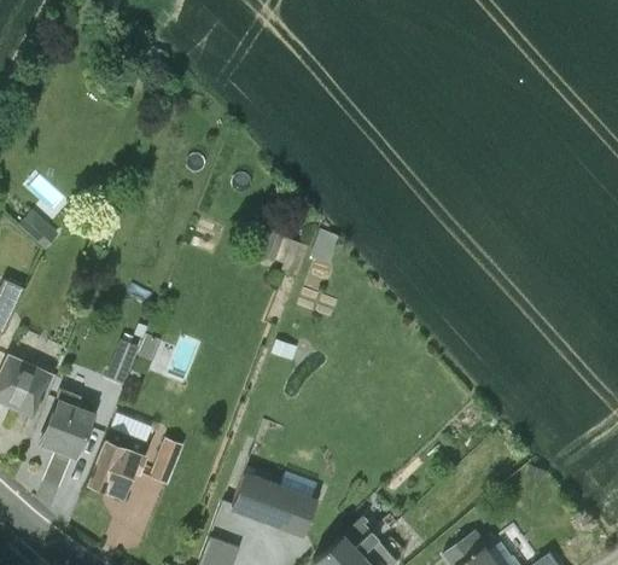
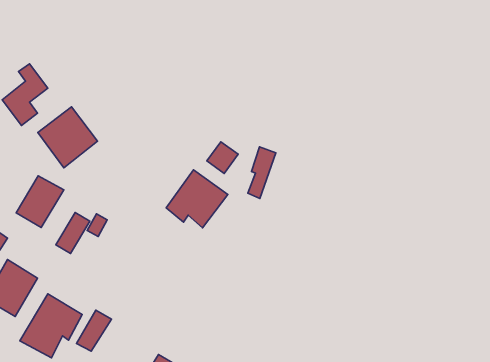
building: none -> [38,107,97,168]
building: none -> [166,170,228,228]
building: none -> [16,176,64,228]

